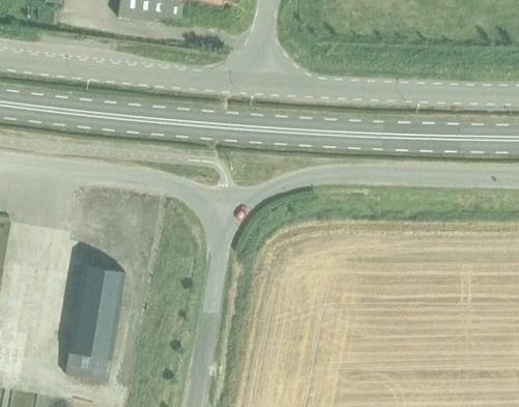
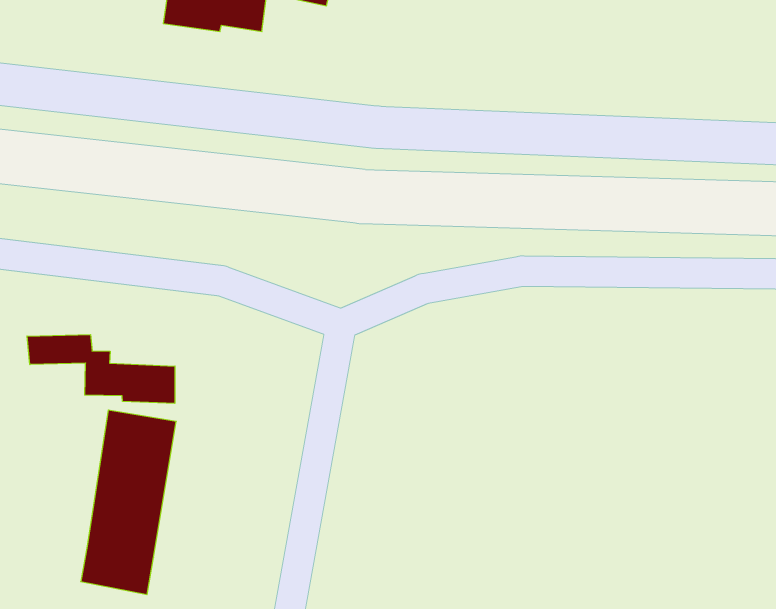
building: none -> [27,335,175,403]

